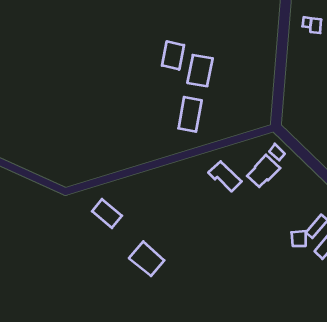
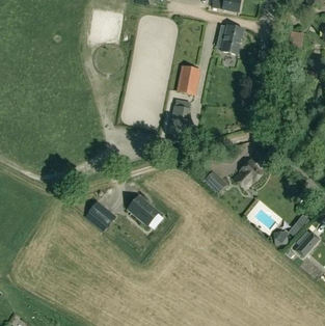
building: none -> [218,24,243,54]
building: [162,41,184,70] -> none
building: [129,241,164,276] -> [126,193,159,225]

